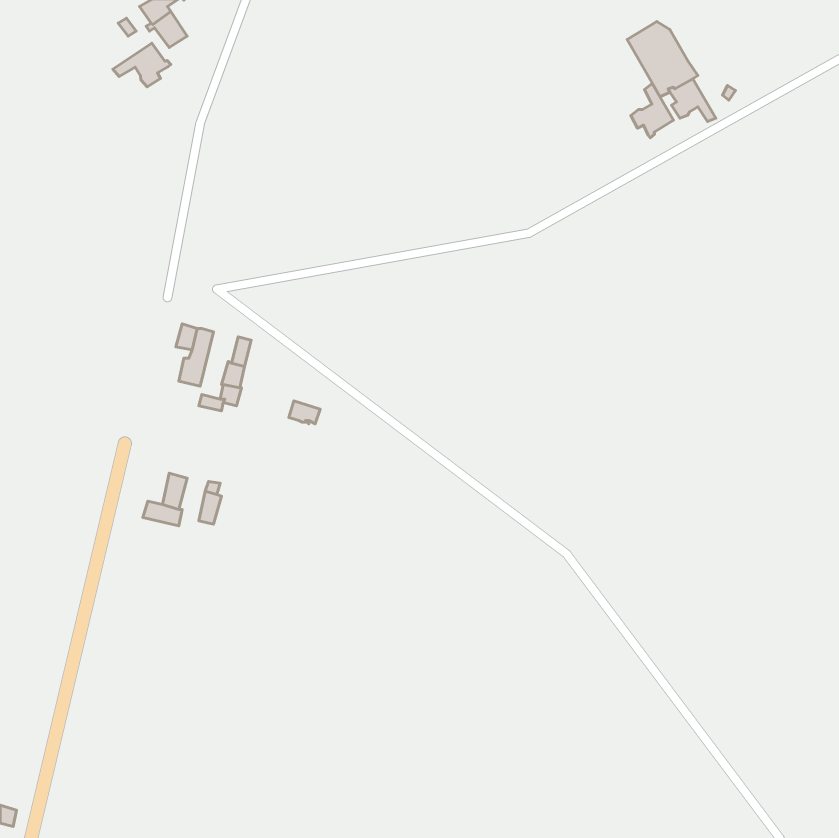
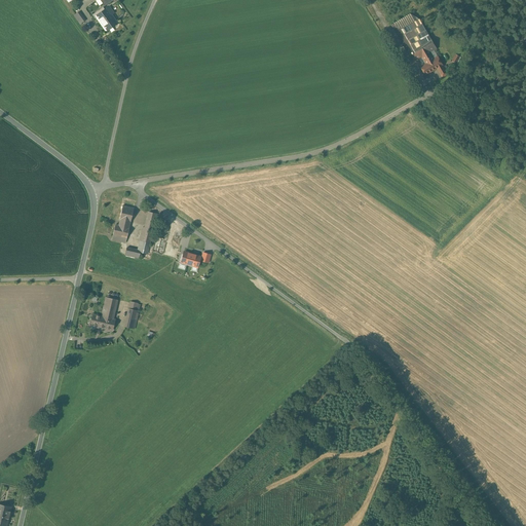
building: [113,43,171,87] -> none
building: [631,84,674,138] -> none

